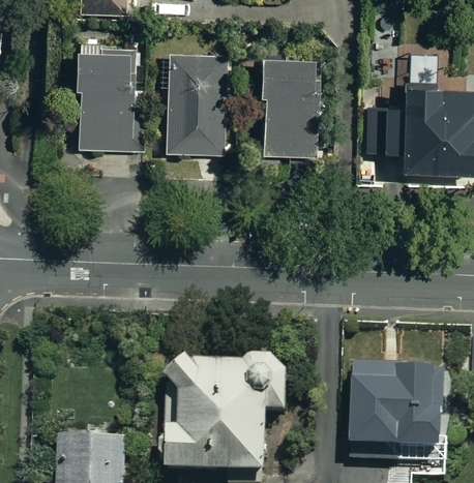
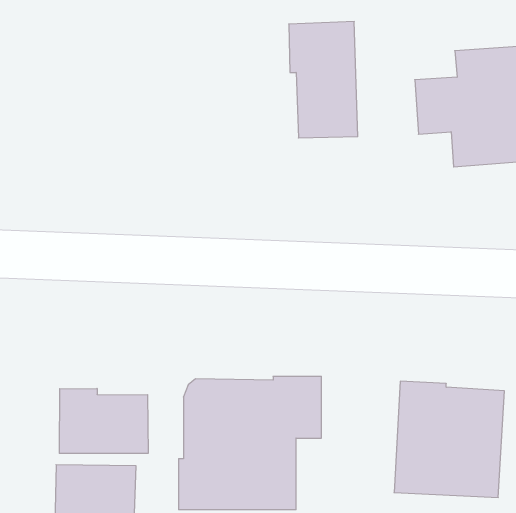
building: [75,47,137,149] -> none
building: [167,55,228,153] -> none
building: none -> [59,388,148,453]

